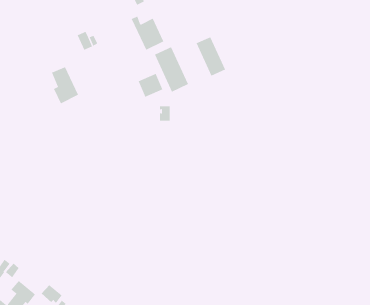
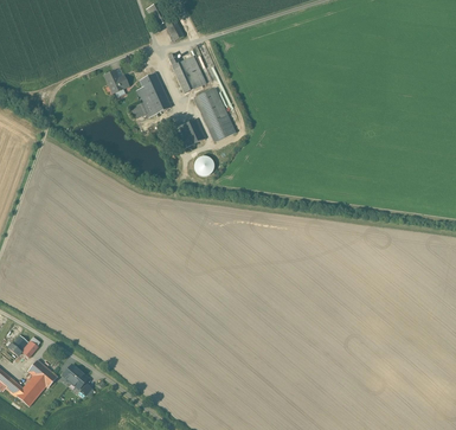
building: [196,36,226,76] -> none
building: [51,66,79,104] -> [137,72,169,116]

